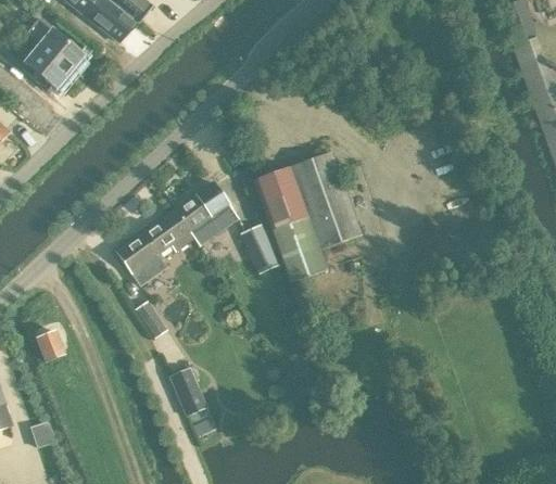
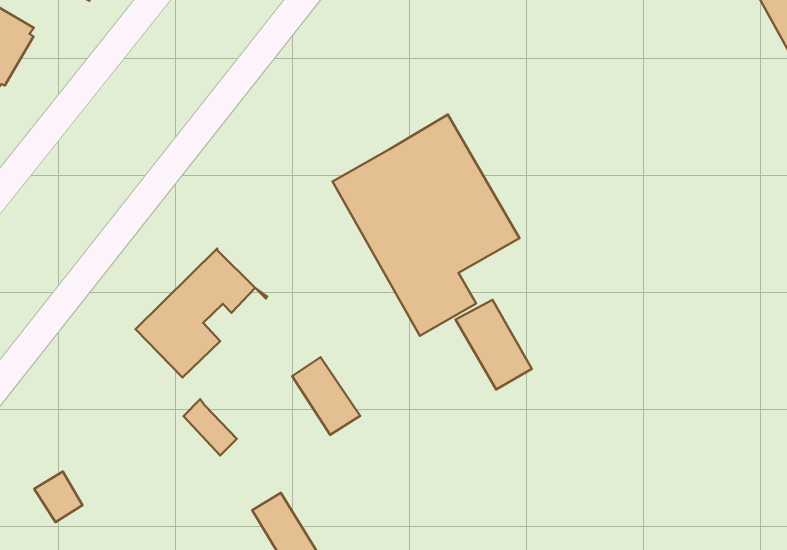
building: [175,181,240,244] -> none
building: [241,224,279,272] -> [292,357,360,435]
building: none -> [456,300,532,390]

